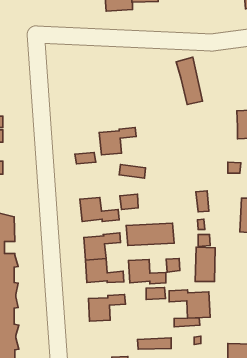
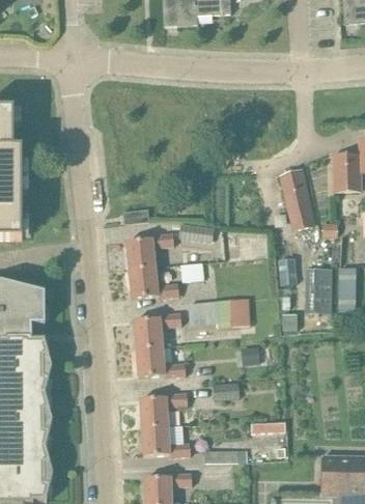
building: [176,57,203,104] -> [279,168,313,229]
building: [99,128,136,155] -> [125,233,173,269]
building: [195,247,215,282] -> [306,269,332,313]
building: [128,260,166,284] -> [141,425,190,456]
building: [169,290,210,318] -> none

